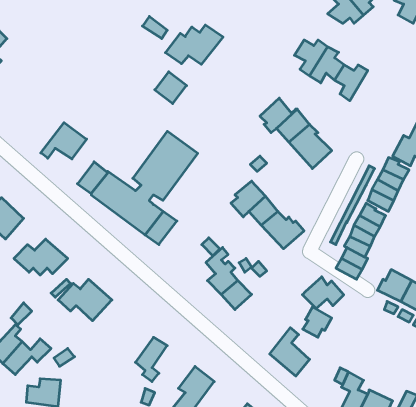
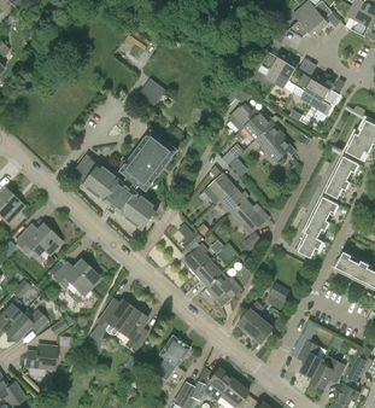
building: [165,25,223,64] -> none
building: none -> [307,76,338,113]
building: [41,123,87,159] -> none
building: [302,277,344,309] -> [205,272,241,299]
building: none -> [98,299,136,336]

